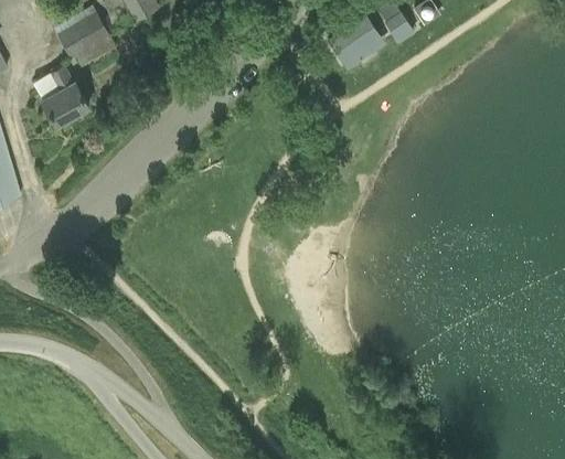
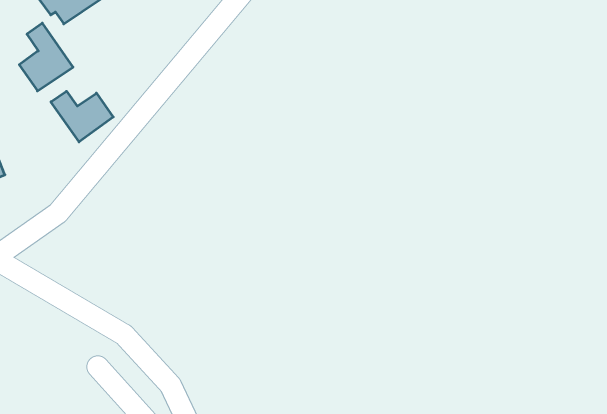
building: none -> [51,91,113,142]

